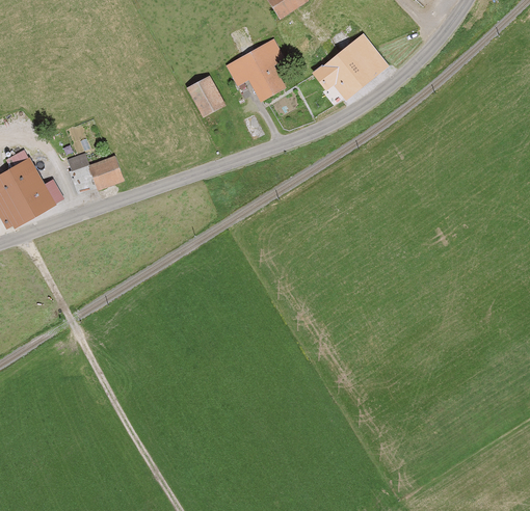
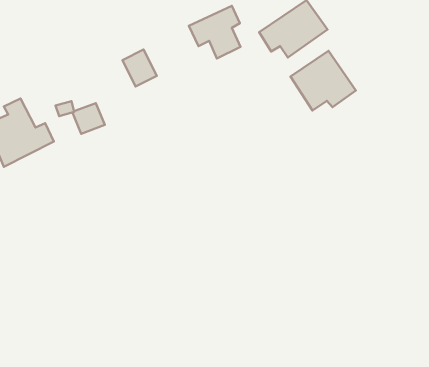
building: [185,75,226,118] -> [122,50,157,86]
building: none -> [290,51,356,111]

